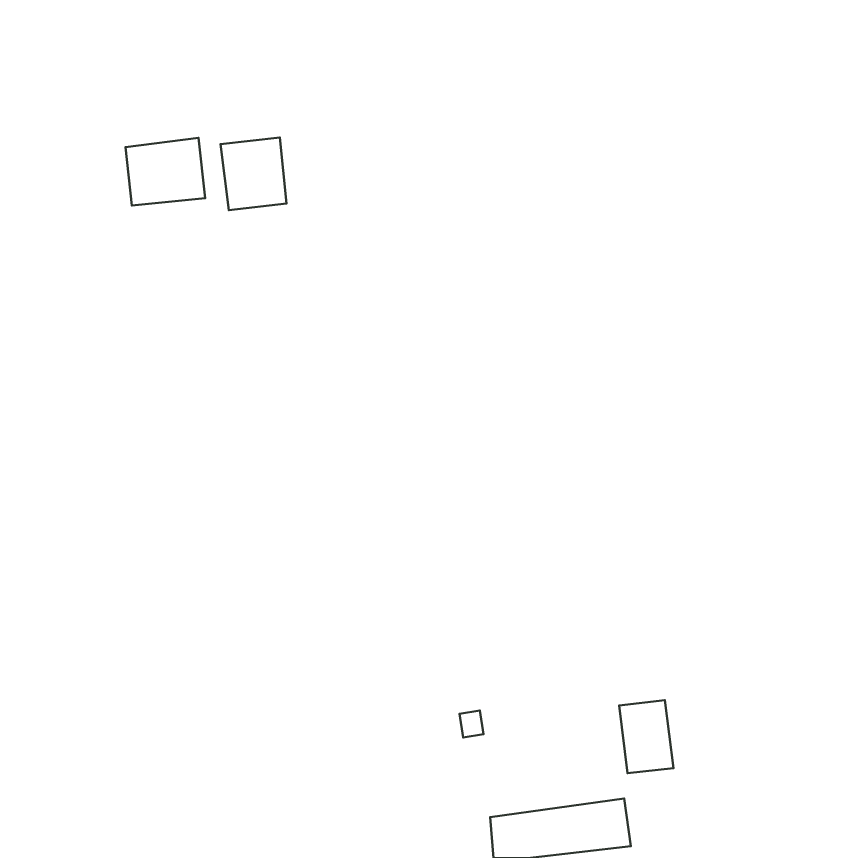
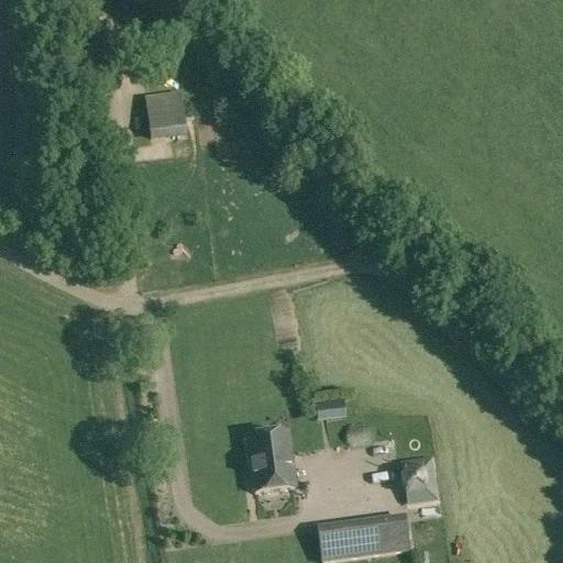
building: [125,138,205,206] -> none
building: none -> [249,430,295,490]

